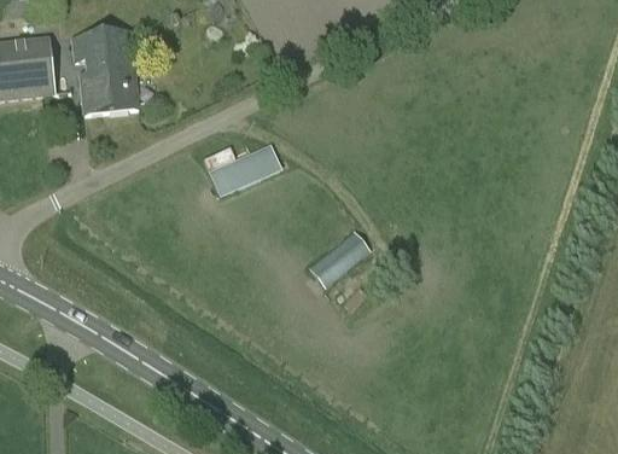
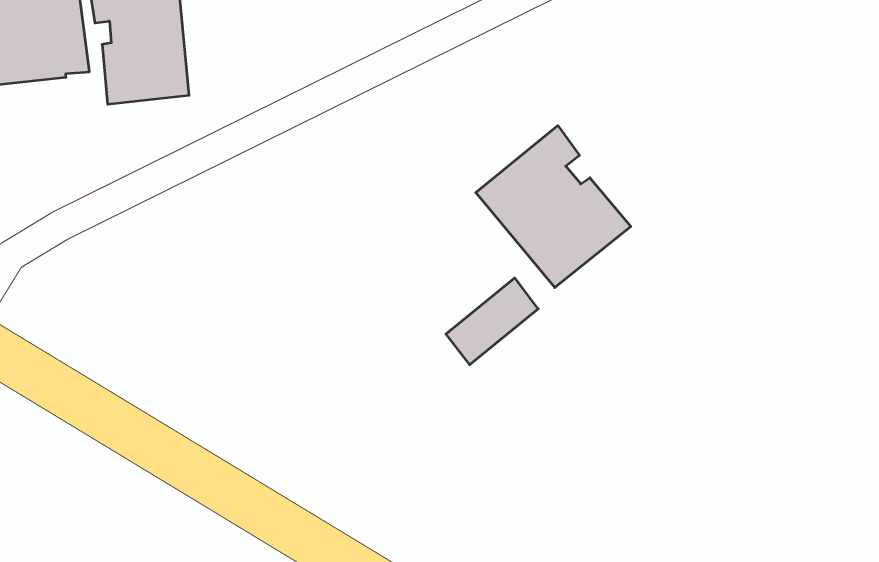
building: none -> [476,126,631,288]
building: [210,146,278,192] -> none

